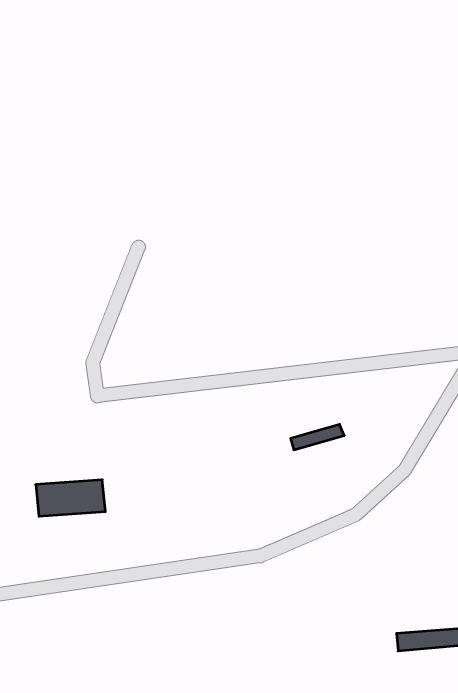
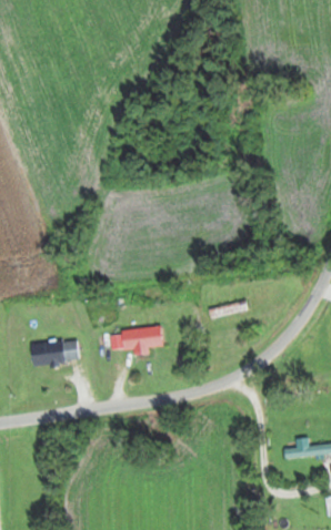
building: none -> [120,327,160,350]

